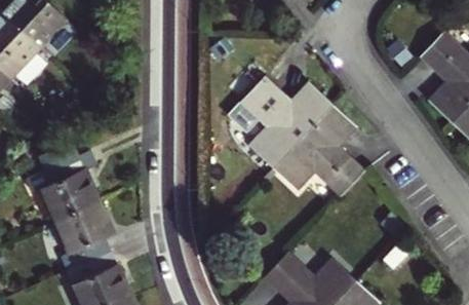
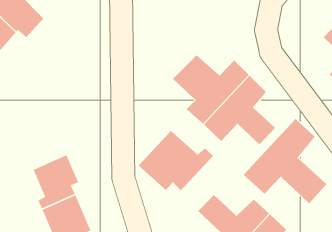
building: none -> [243,118,327,204]
building: [27,161,100,221] -> none
building: none -> [138,130,214,191]

